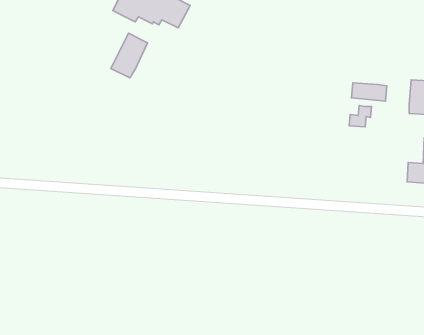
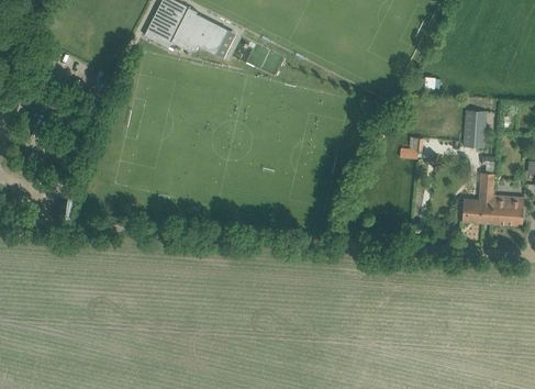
building: [111,33,148,78] -> none
building: [351,83,387,101] -> none

